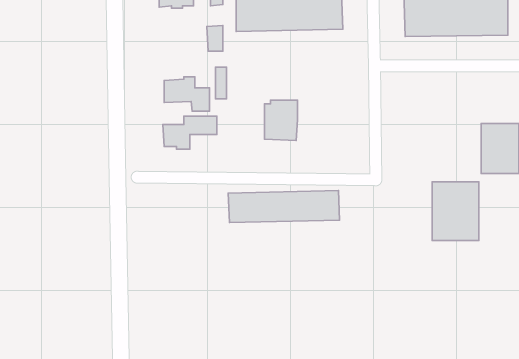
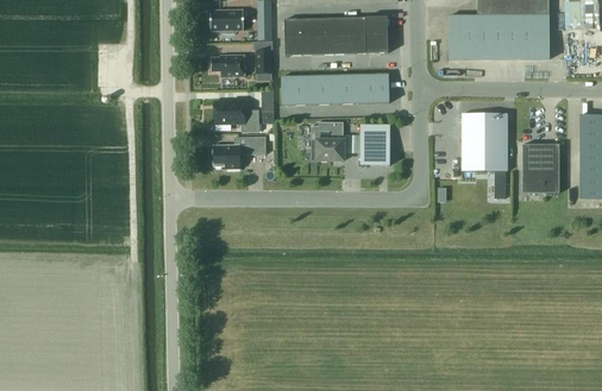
building: none -> [211,55,244,76]
building: none -> [359,124,389,165]
building: [432,182,479,241] -> [462,113,507,170]
building: [228,191,340,222] -> [281,74,389,105]

